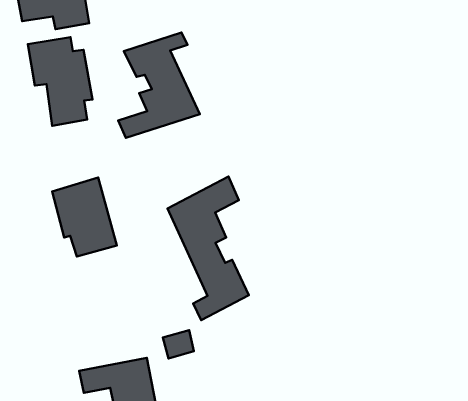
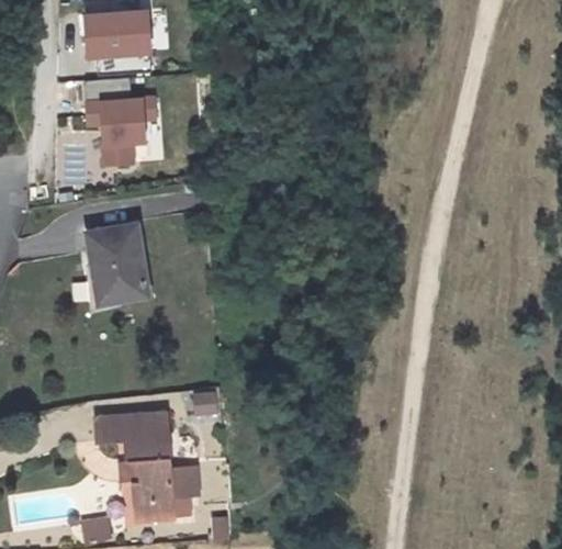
building: [118,33,200,138] -> none
building: [167,176,249,320] -> none

